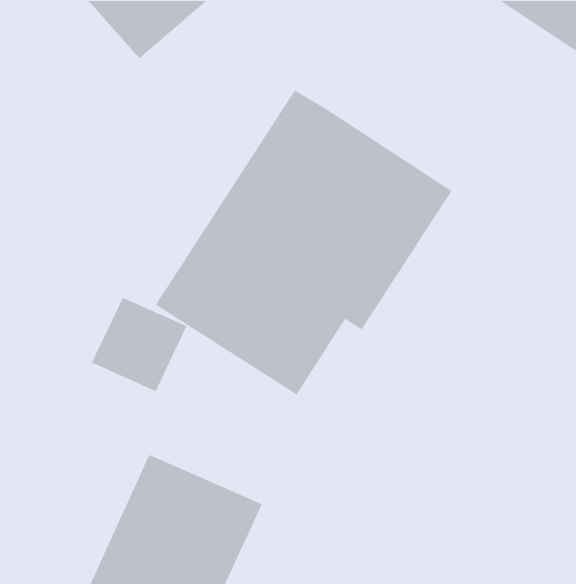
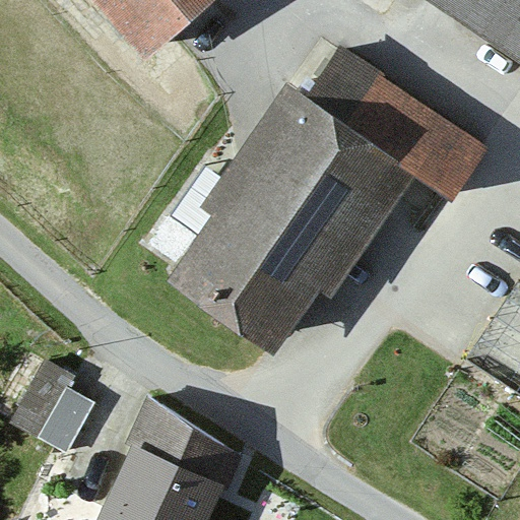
building: none -> [300,47,489,202]
building: [91,297,188,392] -> [27,365,112,448]

